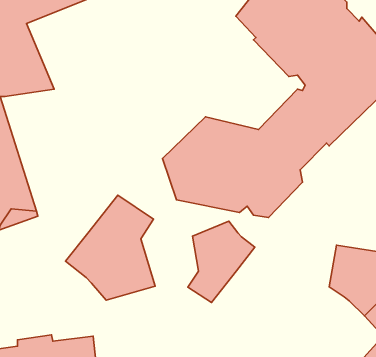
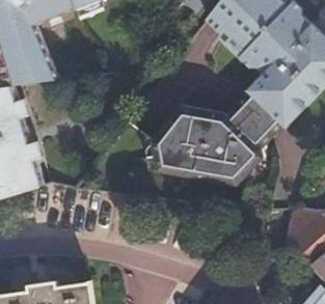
building: [66,195,155,300] -> none
building: [188,221,255,302] -> none

